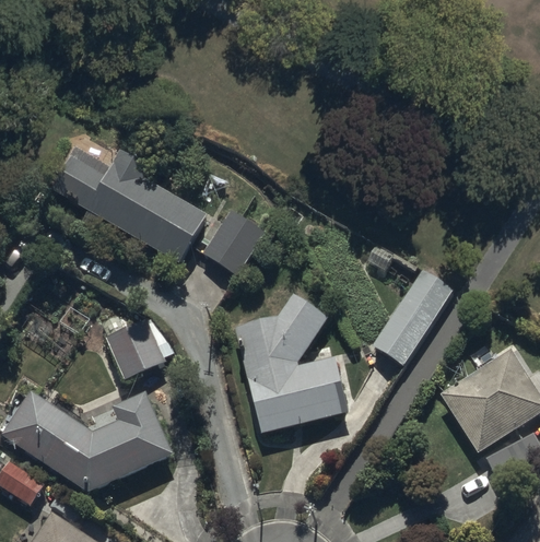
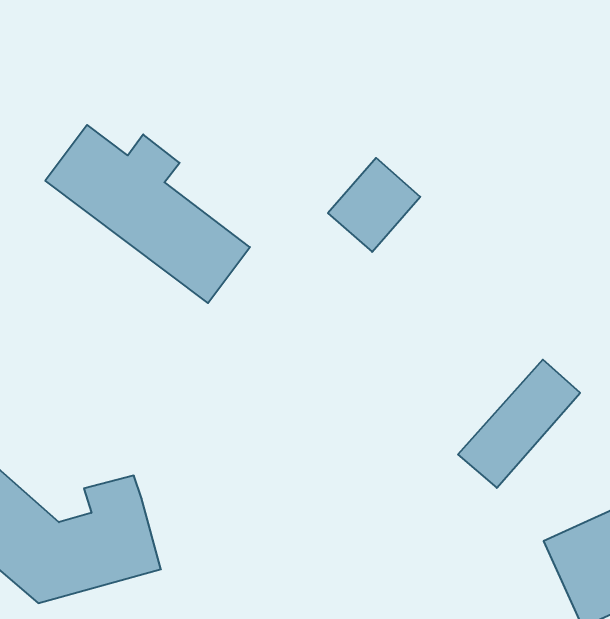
building: [203,209,267,275] -> [328,158,420,252]
building: [236,294,348,433] -> none
building: [105,318,167,377] -> none

